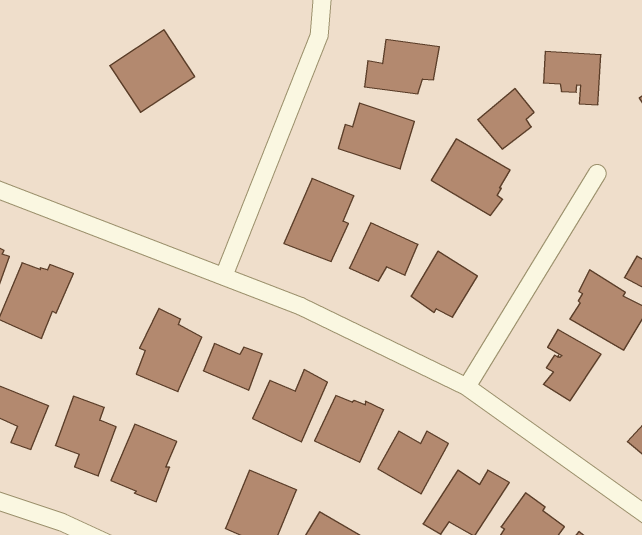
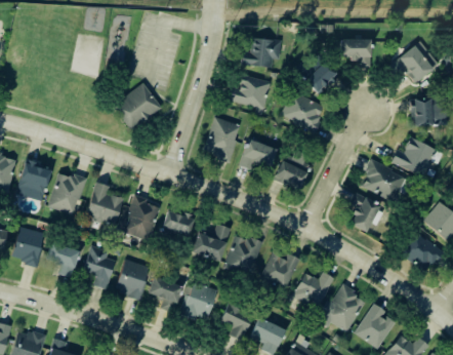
building: [110,30,195,112] -> [114,83,161,129]
building: none -> [85,182,124,227]
building: none -> [147,277,181,311]

